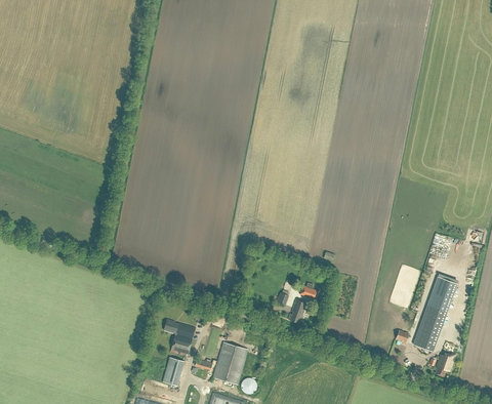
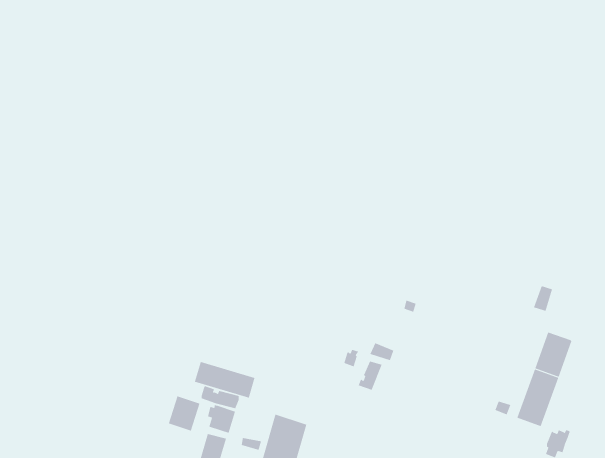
building: none -> [194,361,255,399]
building: none -> [168,395,200,432]

